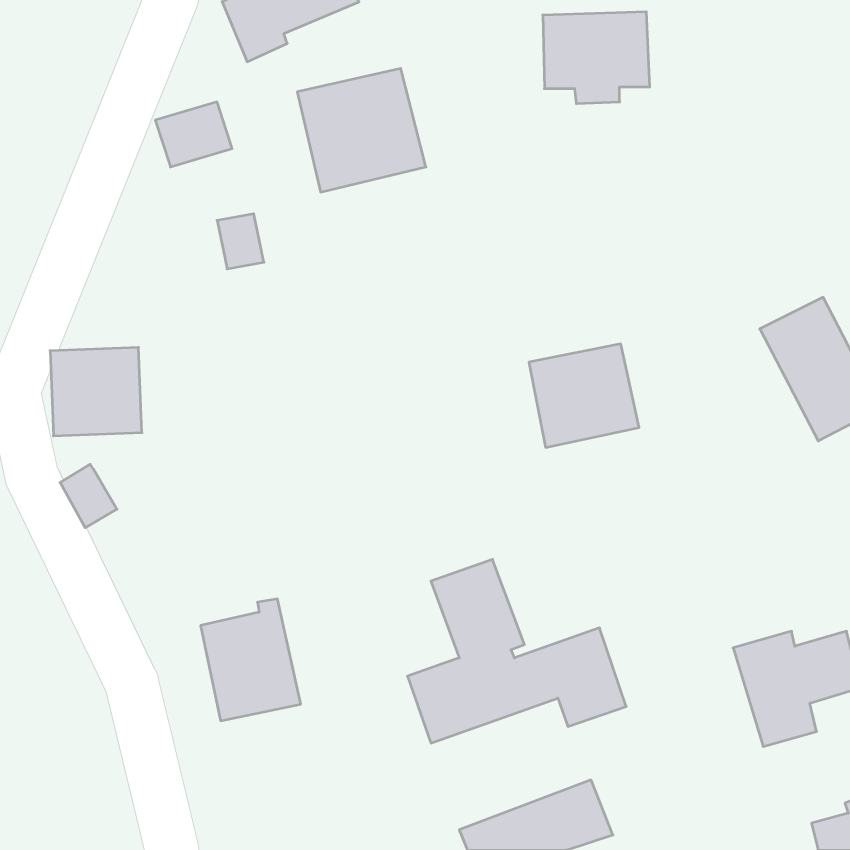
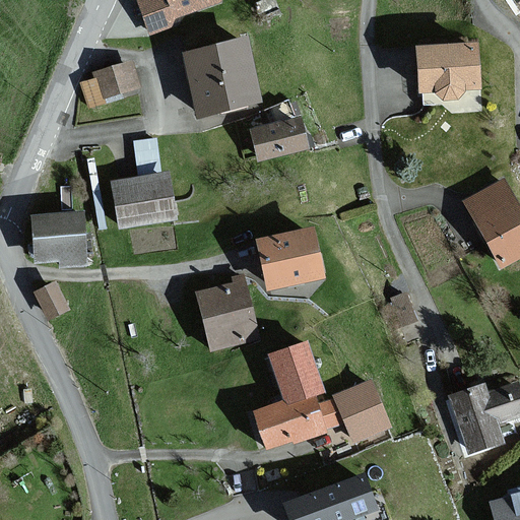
building: [543,12,650,104] -> [414,43,479,99]
building: none -> [250,116,308,162]
building: none -> [115,174,176,229]
building: [529,344,639,447] -> [254,228,321,290]
building: [201,599,301,721] -> [197,276,258,350]

